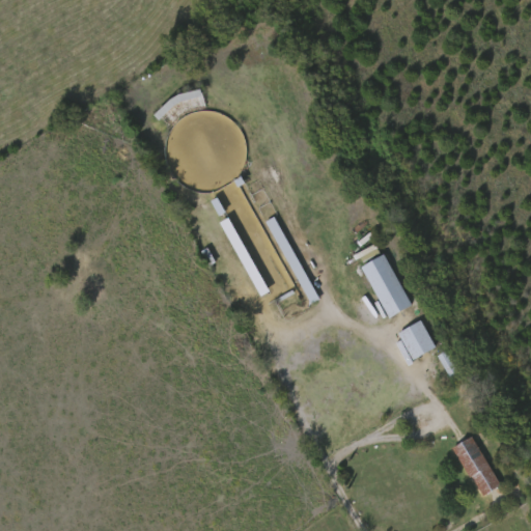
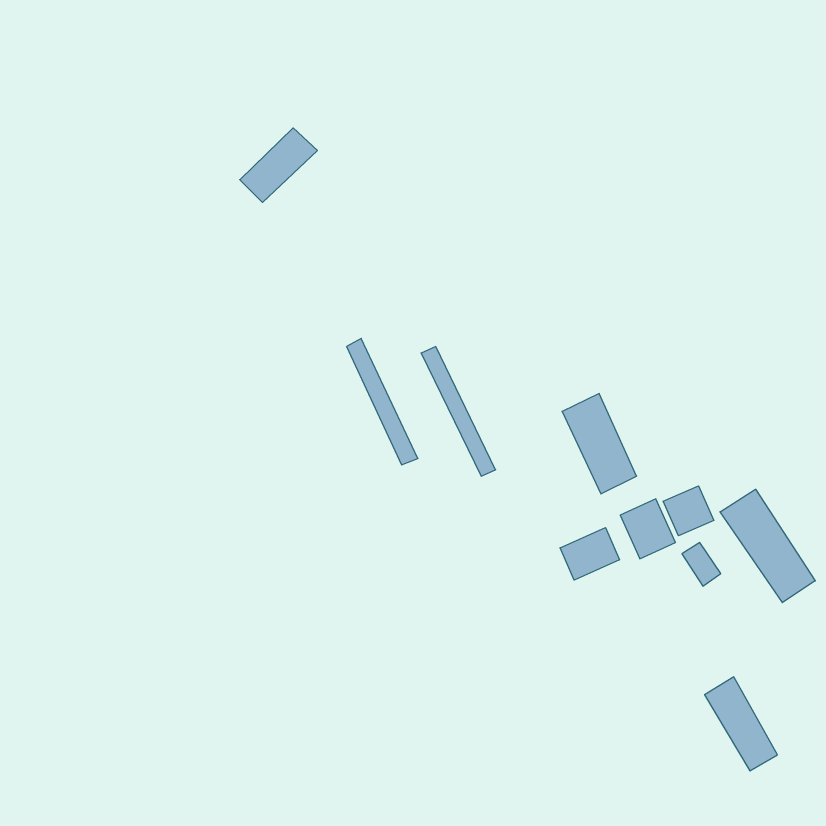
building: none -> [663,486,714,536]
building: none -> [720,489,815,603]
building: none -> [560,528,619,580]

